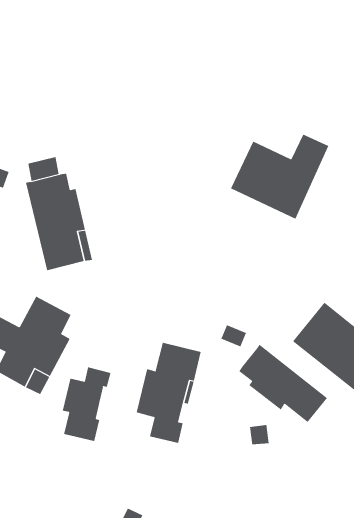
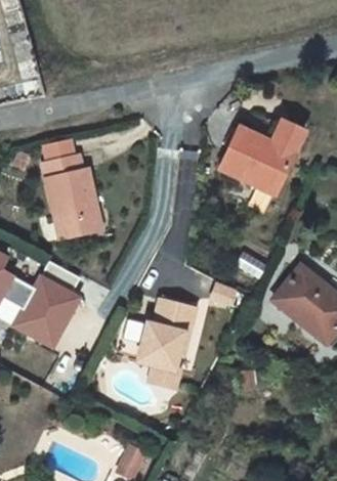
building: [238,344,328,423] -> none
building: [62,367,111,442] -> none

